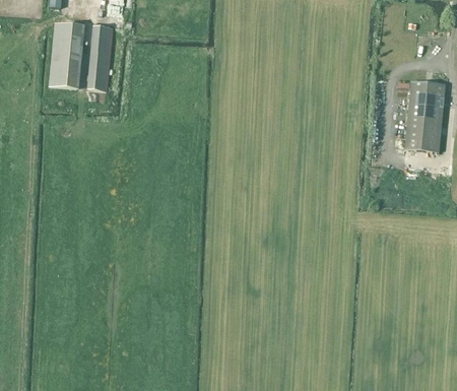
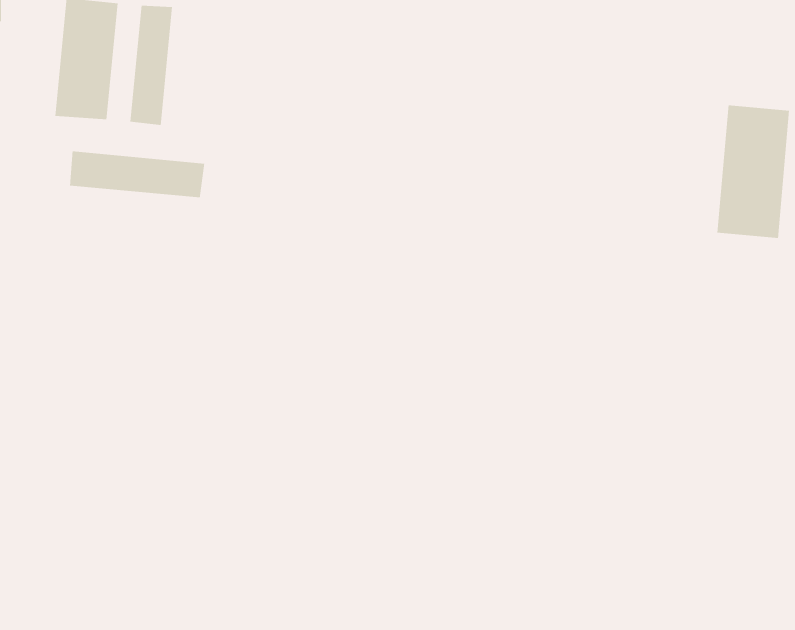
building: none -> [70,151,205,198]

